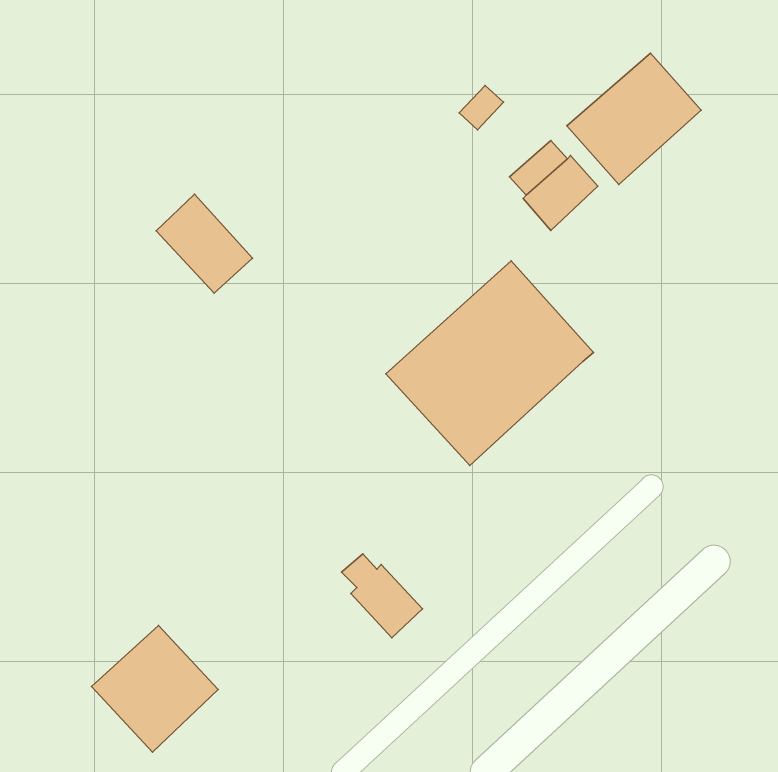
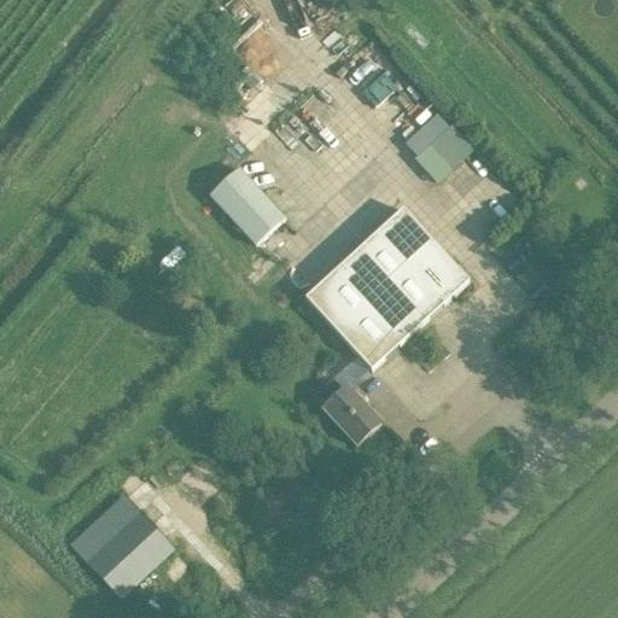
building: [567,53,701,184] -> none
building: [156,194,252,293] -> [210,165,286,244]
building: [342,554,422,638] -> [317,377,381,443]

